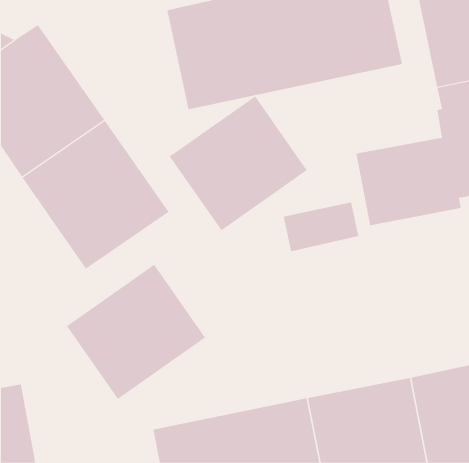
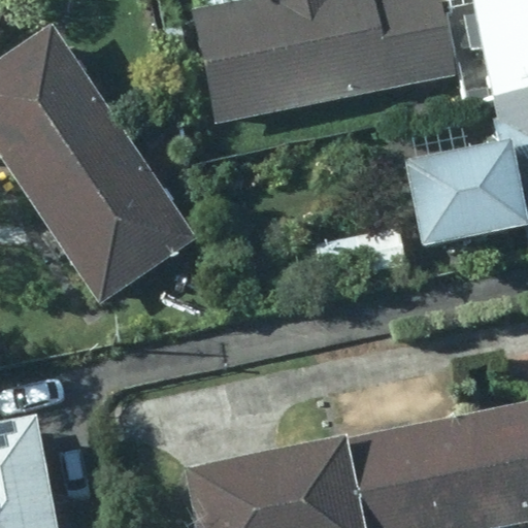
building: [169,95,308,231] -> none
building: [66,264,206,400] -> none

